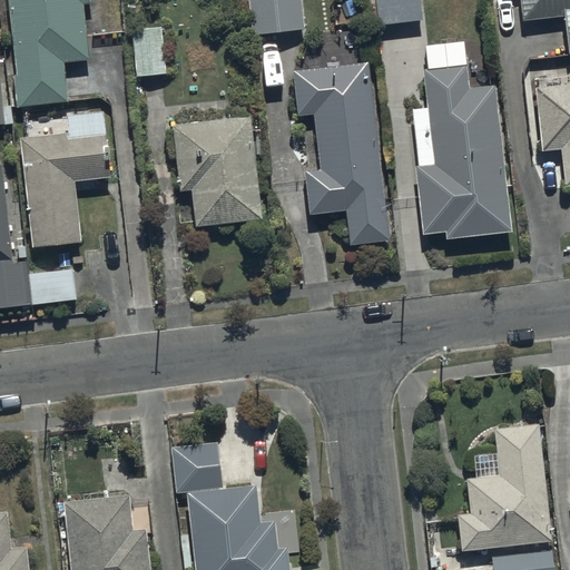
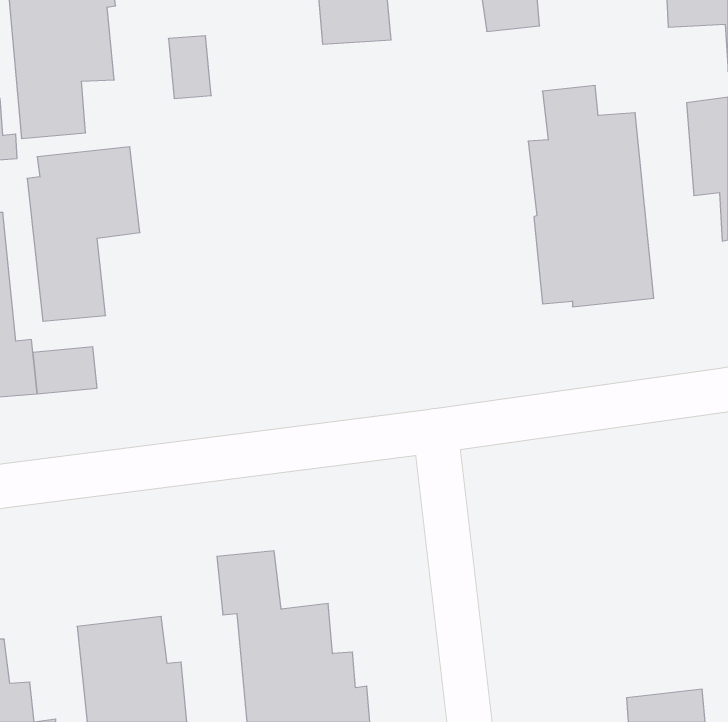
building: [293,66,390,246] -> none
building: [174,119,262,229] -> none
building: [454,411,547,538] -> none

